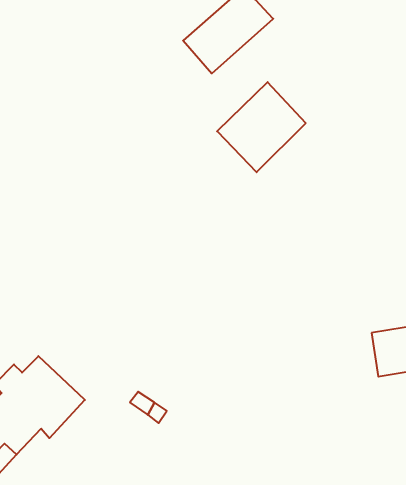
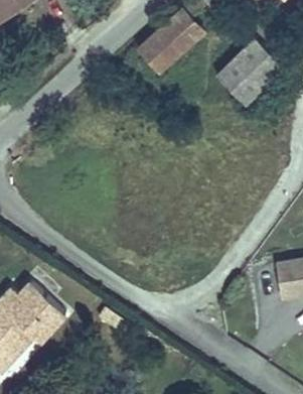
building: [217,82,306,172] -> [216,37,282,104]

